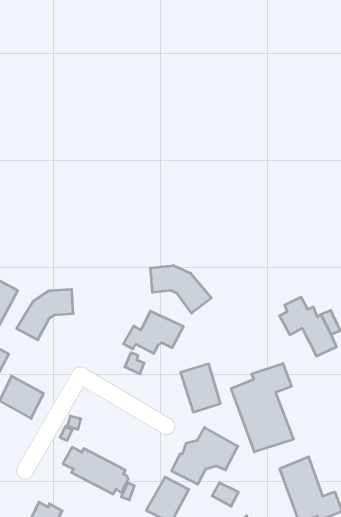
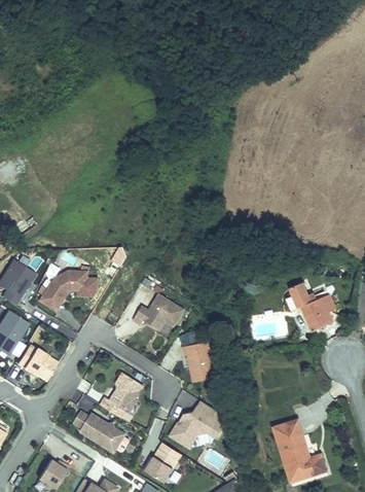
building: [150,265,211,313] -> none
building: [231,363,293,452] -> none
building: none -> [100,372,145,418]

